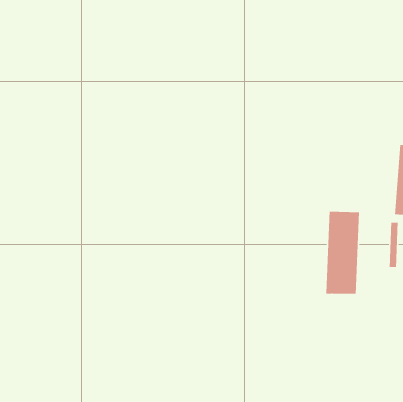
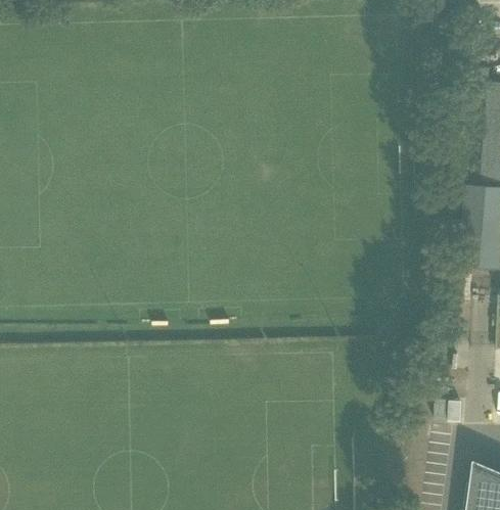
building: [325,211,360,294] -> none

